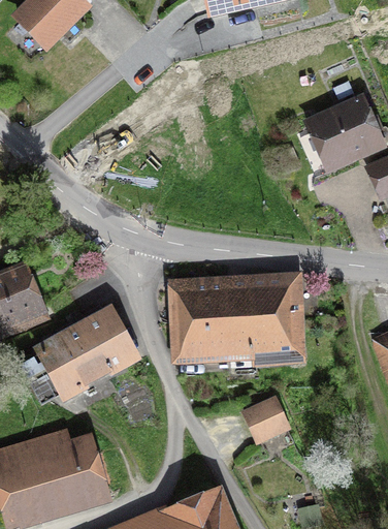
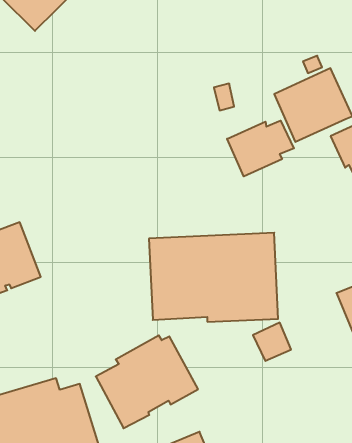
building: none -> [227,121,294,176]
building: [32,303,142,403] -> [96,335,198,428]
building: [244,399,285,440] -> [253,323,291,361]

